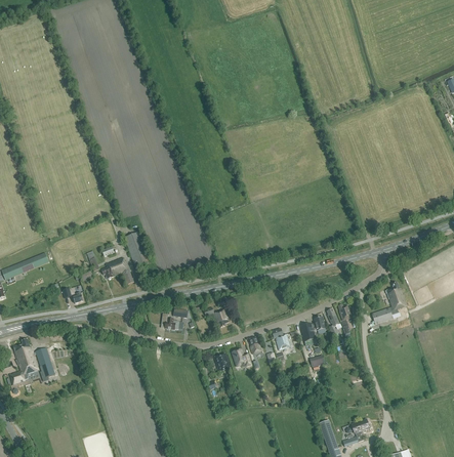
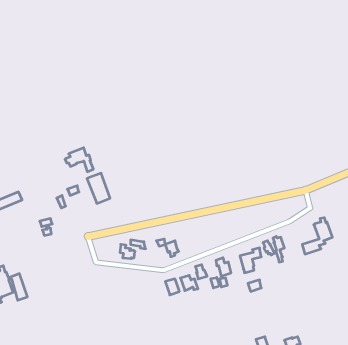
building: [100,257,133,285] -> [65,148,93,172]

